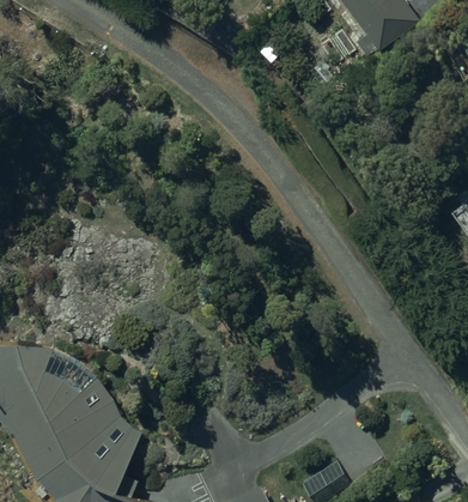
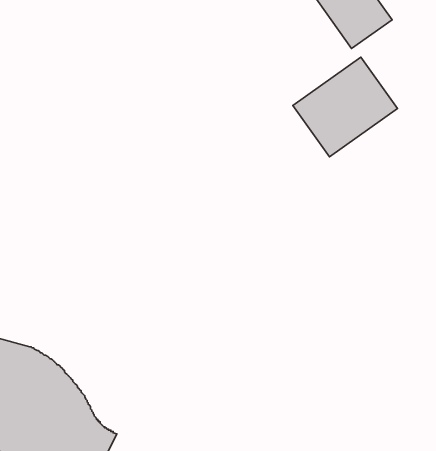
building: none -> [293,57,397,157]

